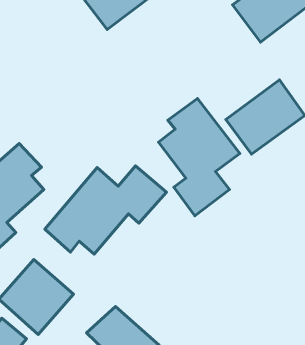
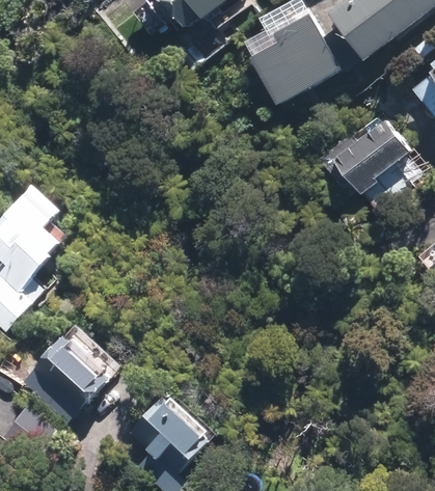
building: none -> [235,18,330,106]
building: [158,99,240,216] -> none
building: [45,166,166,254] -> none

